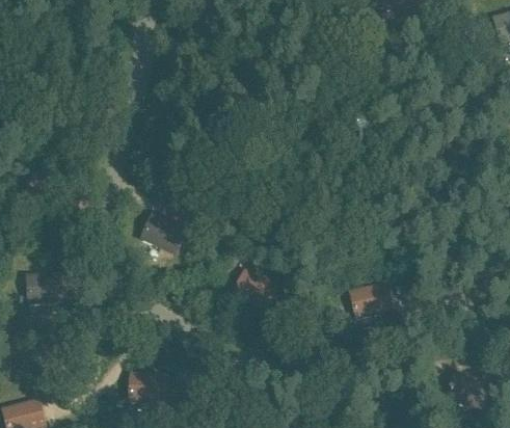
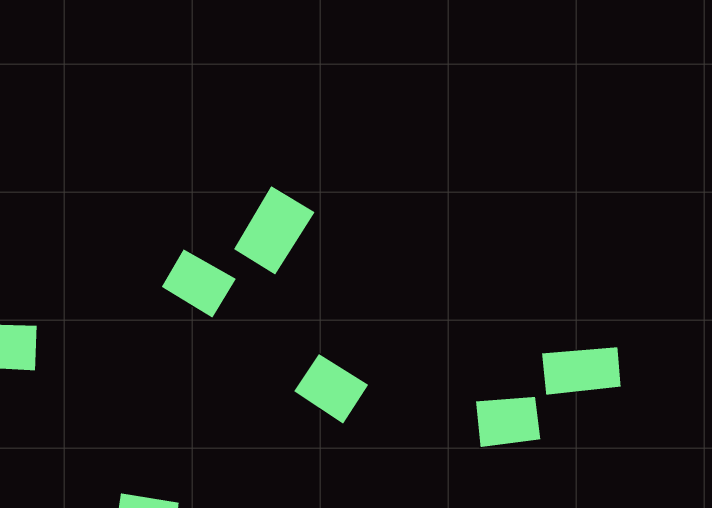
building: none -> [233,185,316,276]
building: none -> [541,347,621,395]

